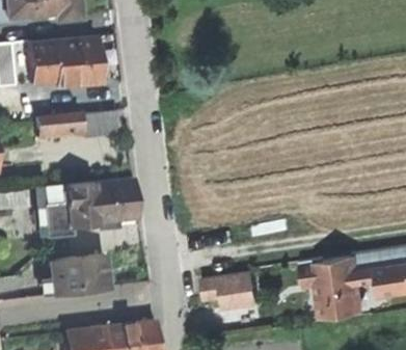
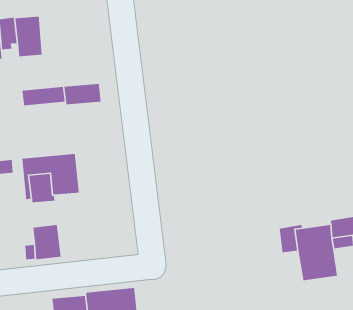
building: [55,37,102,86] -> none
building: [92,180,136,223] -> none
building: [74,254,105,292] -> none
building: [206,273,261,308] -> none

